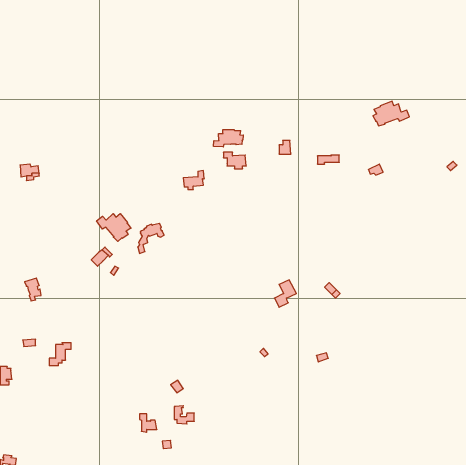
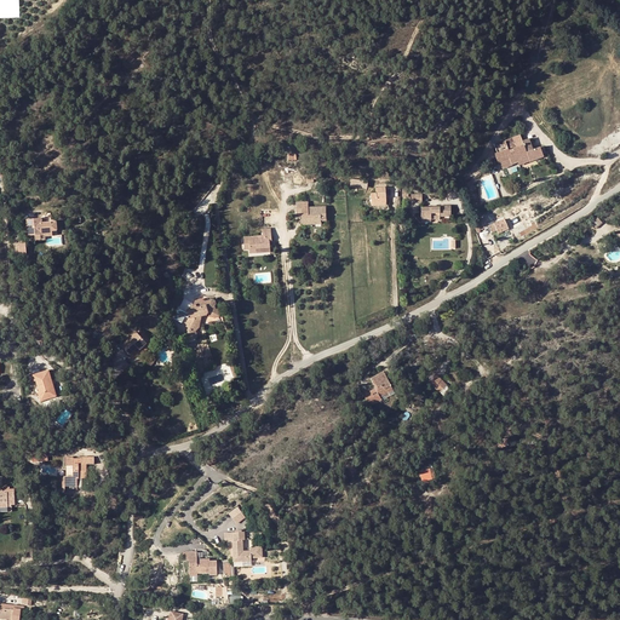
building: [214,130,243,147] -> none
building: [97,214,131,241] -> none

